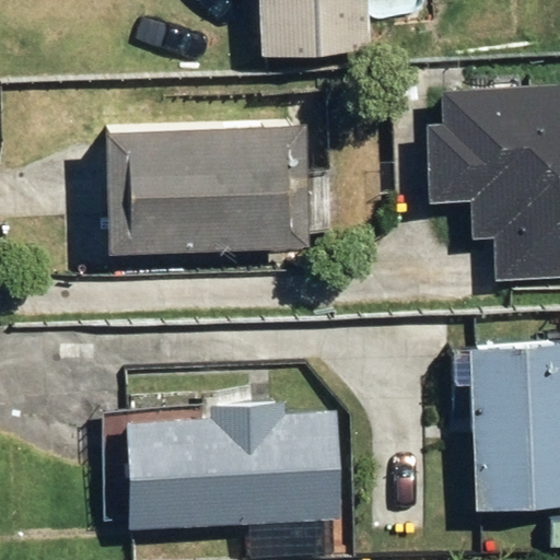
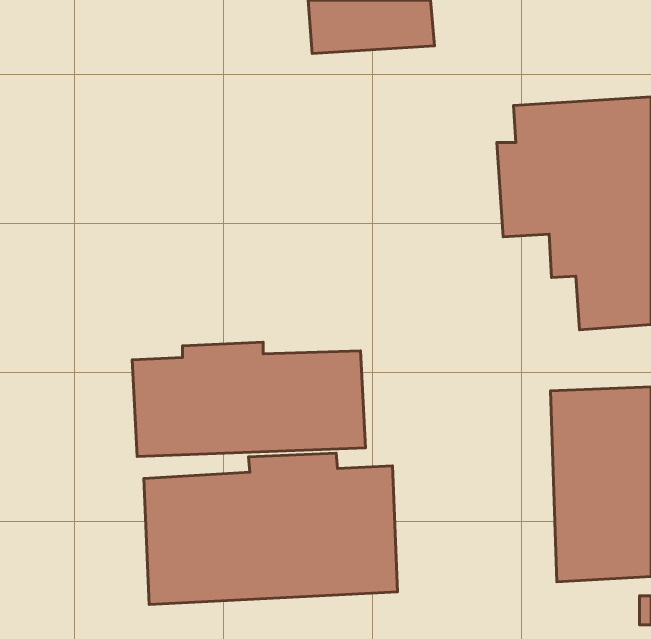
building: [106,119,310,249] -> none
building: none -> [132,342,365,457]

